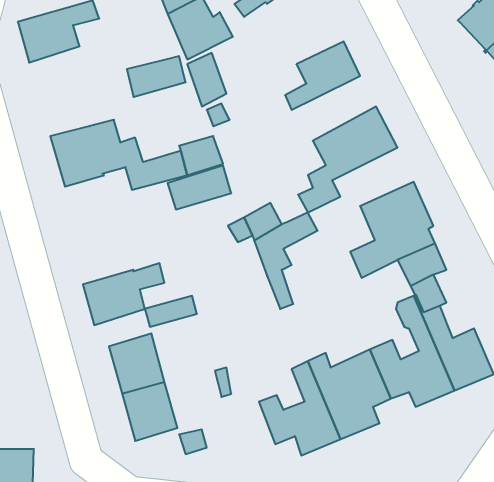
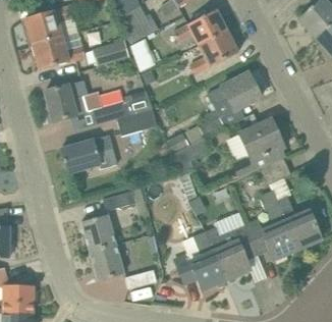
building: none -> [174,9,228,45]
building: none -> [32,34,87,69]
building: [83,263,164,325] -> [61,135,112,173]

